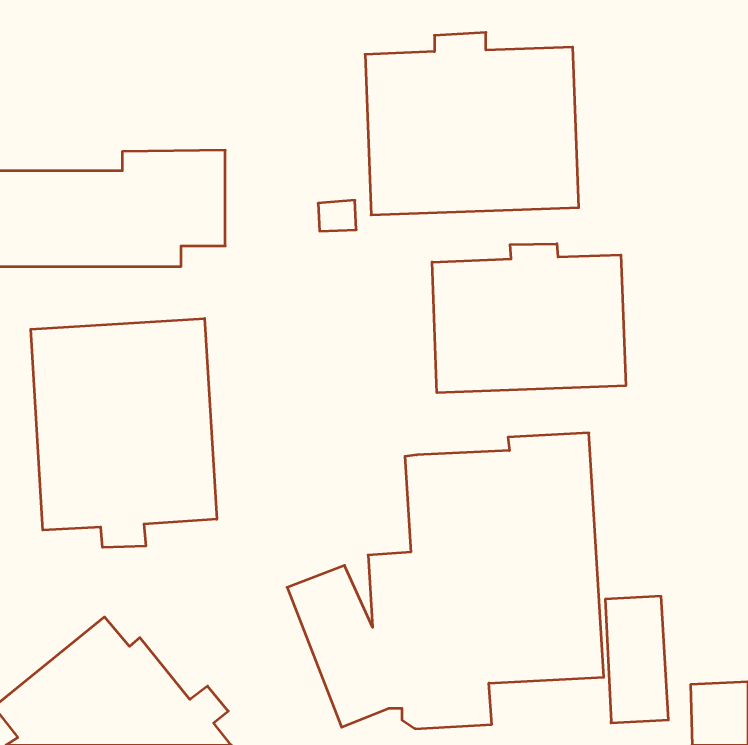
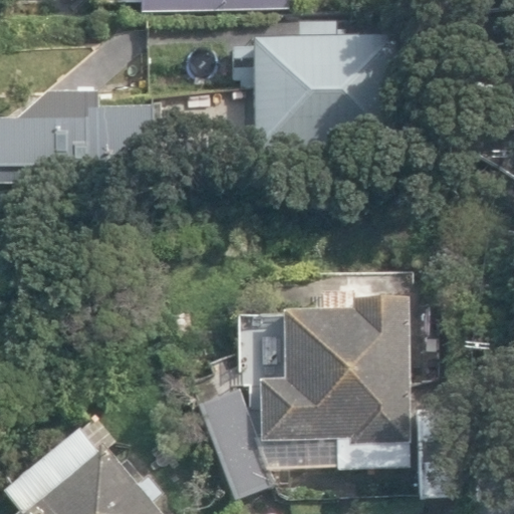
building: [432,244,626,393] -> none
building: [31,318,217,547] -> none

